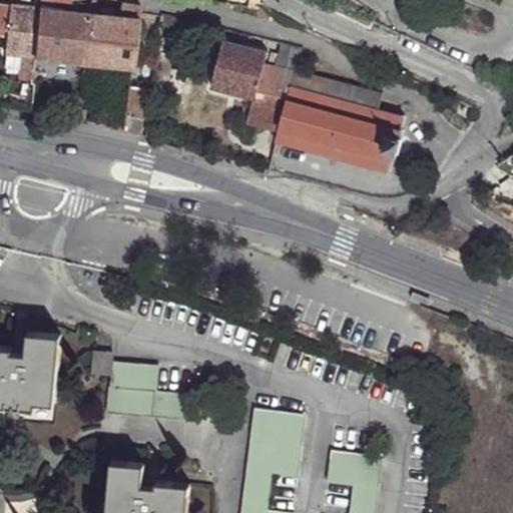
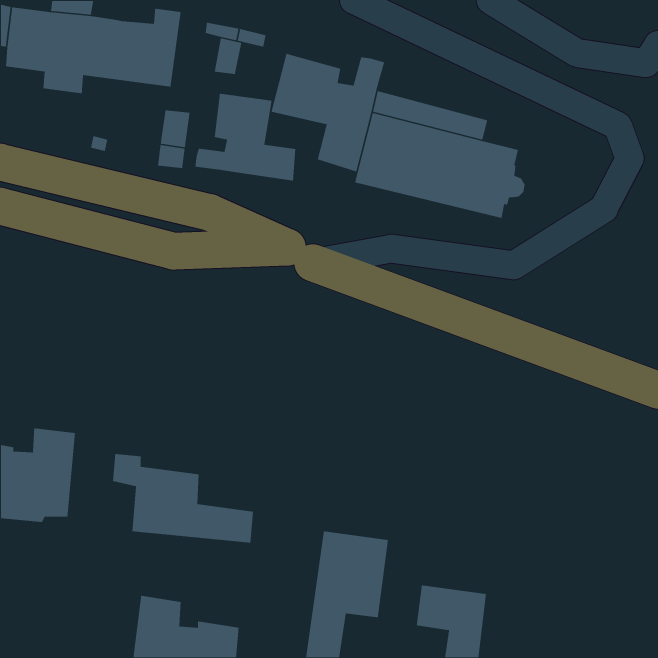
building: none -> [195,93,296,181]

